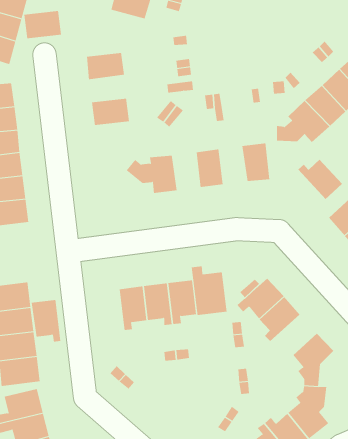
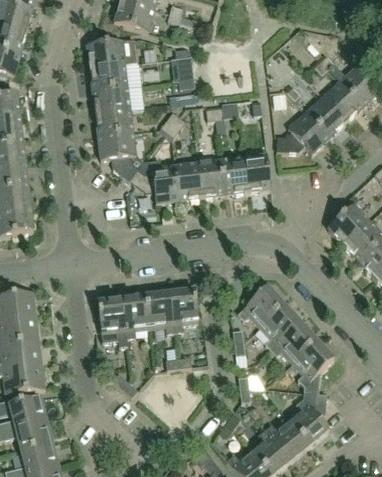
building: [23,11,62,39] -> [87,40,125,68]
building: none -> [92,86,130,113]
building: none -> [98,132,145,180]
building: none -> [221,156,248,194]
building: none -> [175,162,202,200]
building: [298,159,343,200] -> none
building: [191,265,227,316] -> none
building: [31,300,61,342] -> [97,297,127,339]
building: none -> [271,322,317,362]

